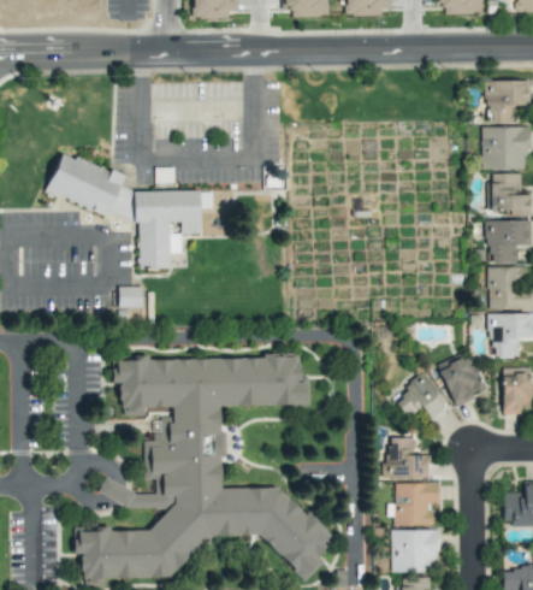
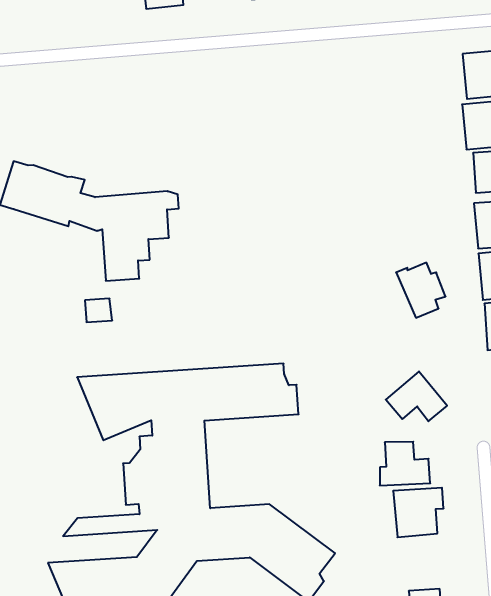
building: [439,356,484,407] -> [396,263,446,318]
building: [392,530,440,572] -> none

